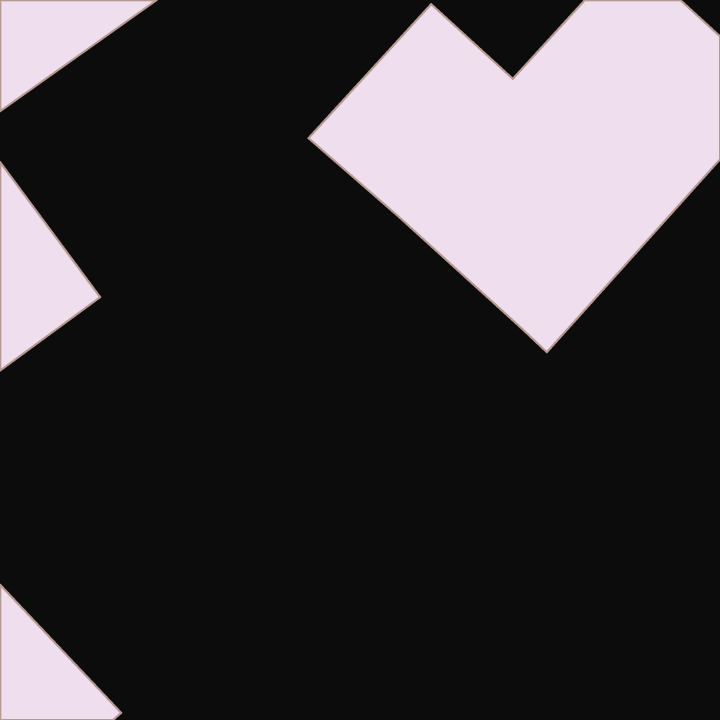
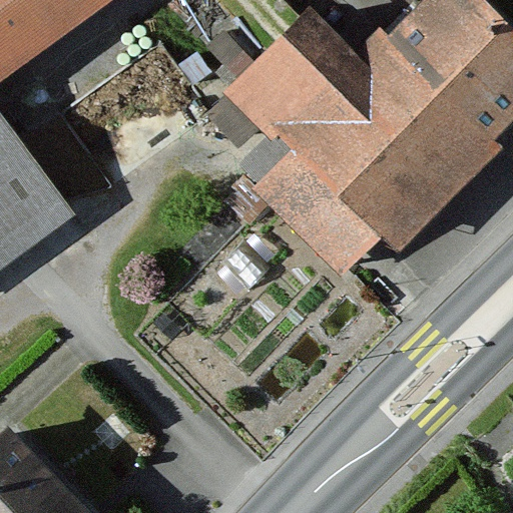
building: none -> [249,154,369,270]

